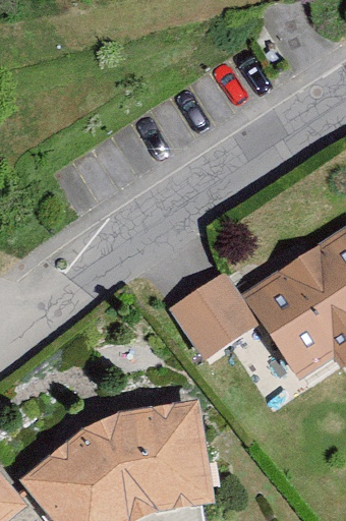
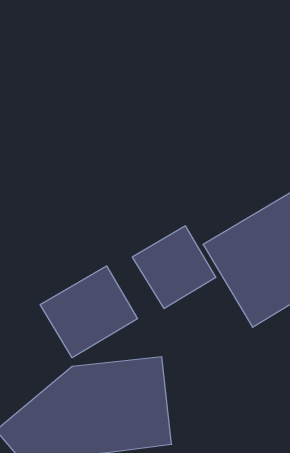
building: none -> [40,266,138,358]

